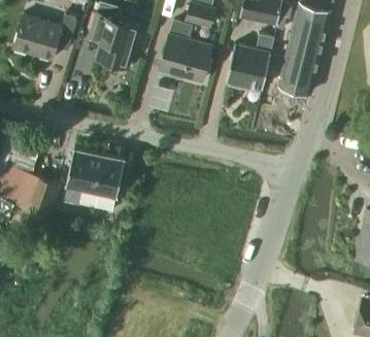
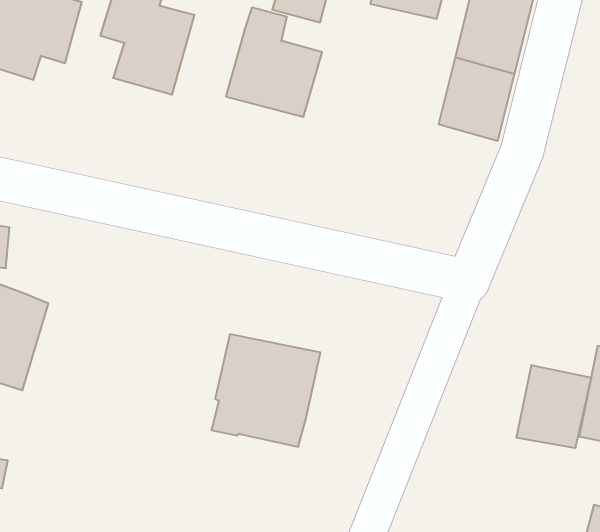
building: [227,34,274,90] -> none
building: [64,148,125,211] -> [211,334,320,447]
building: none -> [517,365,591,448]

